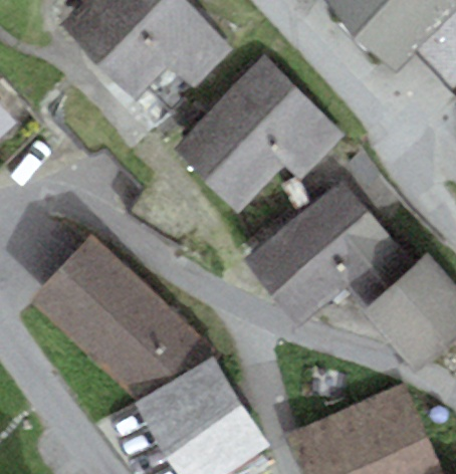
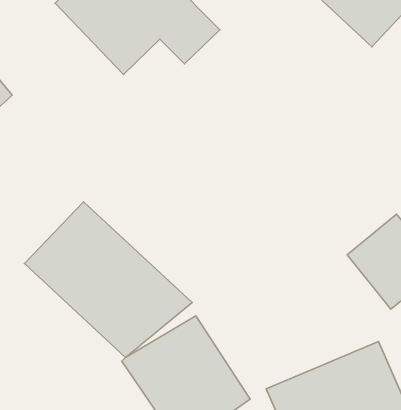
building: [171,55,348,214] -> none
building: [244,180,401,327] -> none

